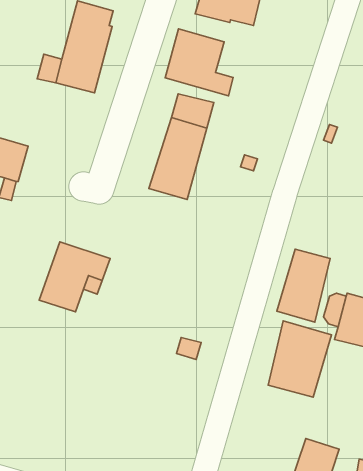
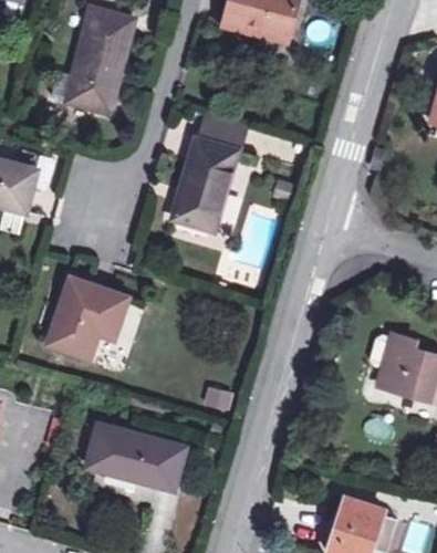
building: [165,29,233,96] -> none
building: [277,249,330,322] -> none
building: [268,321,332,397] -> none
building: none -> [87,425,183,486]

